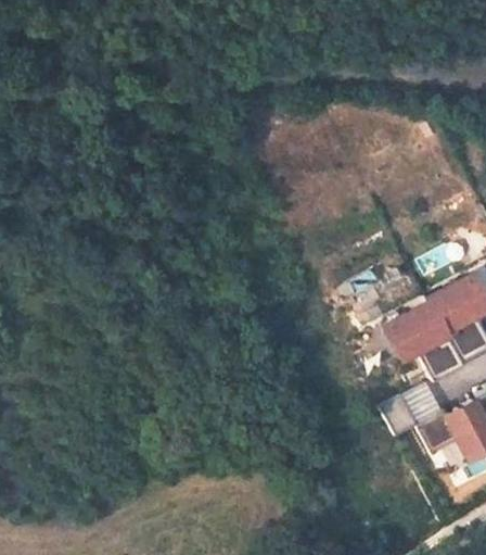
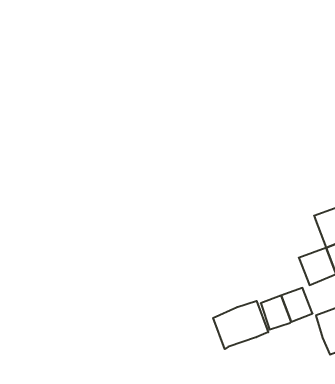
building: [384,303,447,357] -> none
building: none -> [213,301,268,349]
building: [415,412,456,453] -> none

